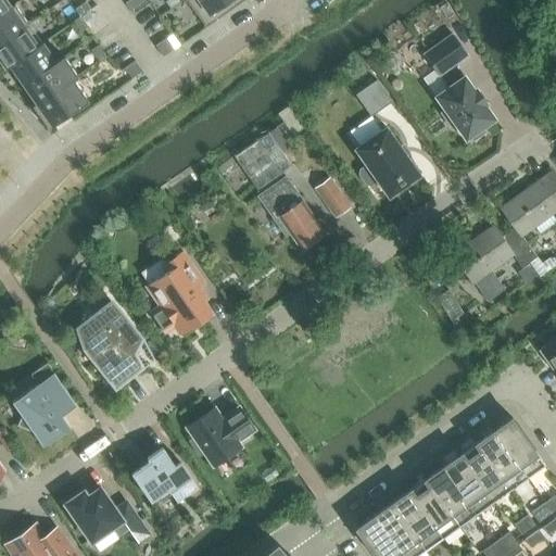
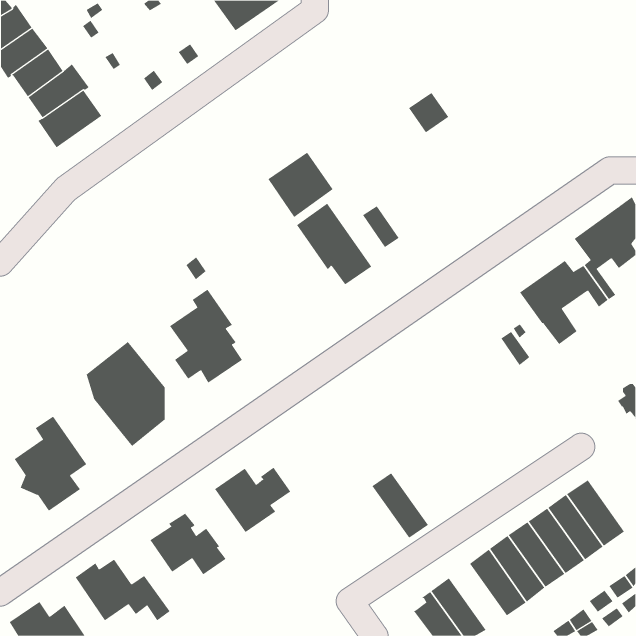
building: [424,34,494,140] -> none
building: [355,127,420,198] -> none
building: [392,492,442,549] -> [371,472,429,538]

